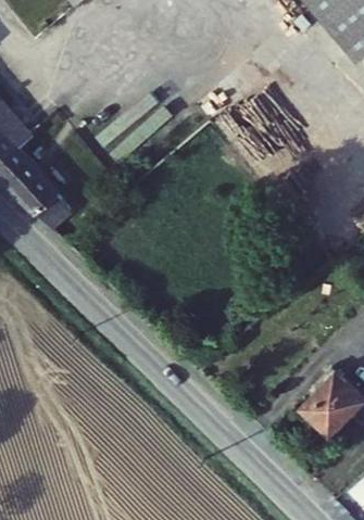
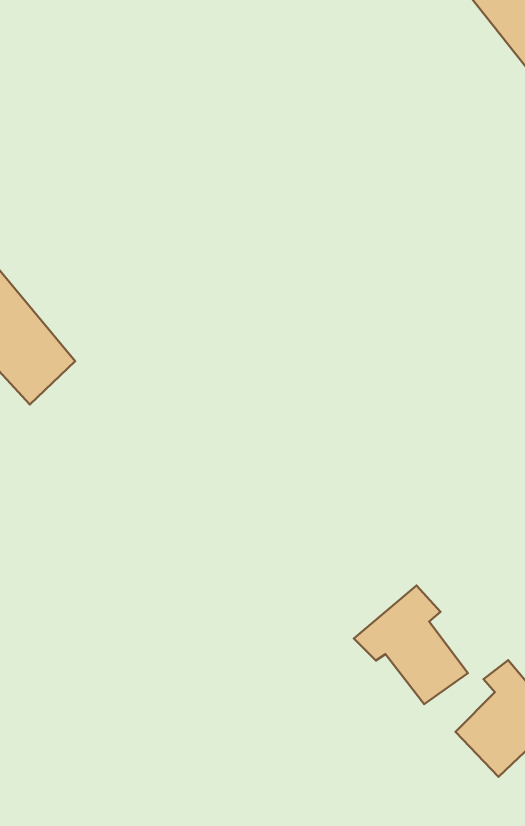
building: none -> [354,585,468,704]

